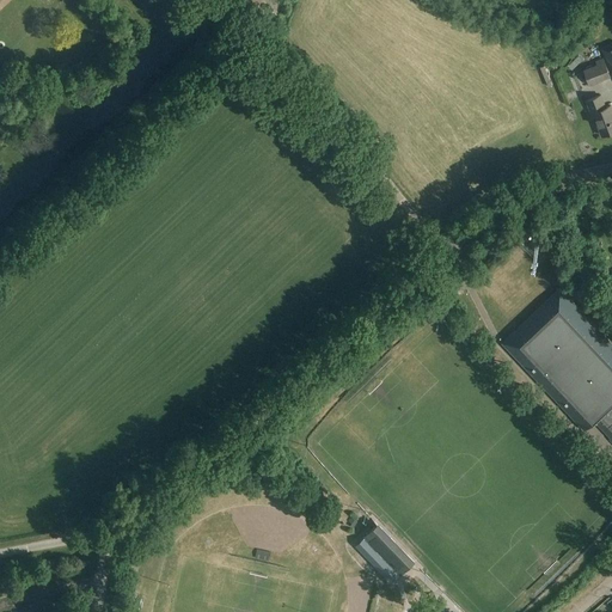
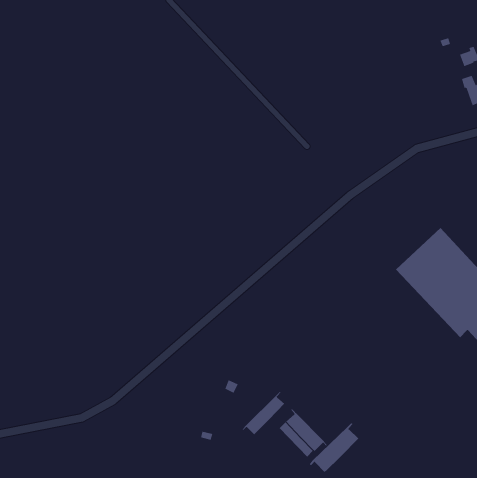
building: none -> [242,391,285,435]
building: none -> [309,422,359,473]

